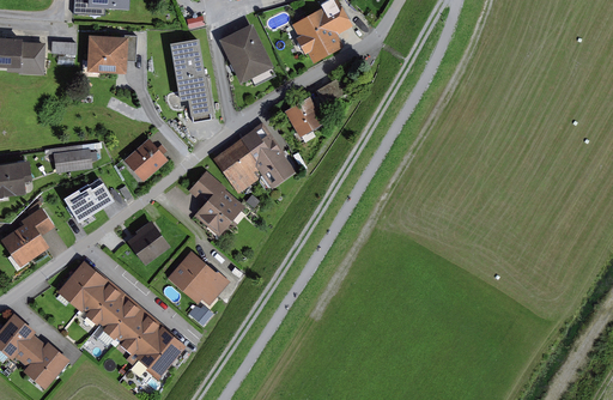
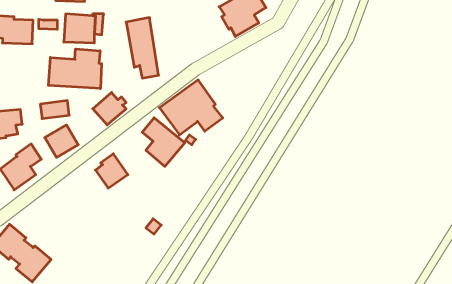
building: [218,23,273,83] -> none
building: none -> [48,49,102,89]
building: [284,80,342,137] -> none
building: [166,250,230,305] -> none
building: [56,260,186,378] -> none

